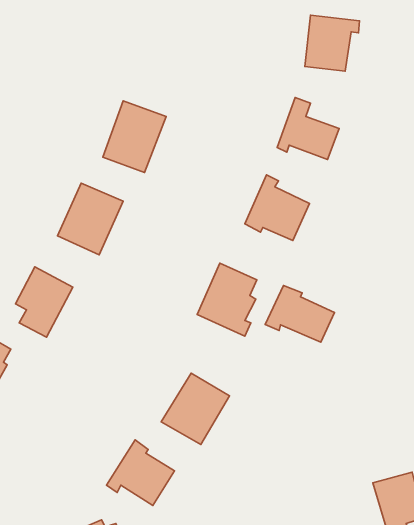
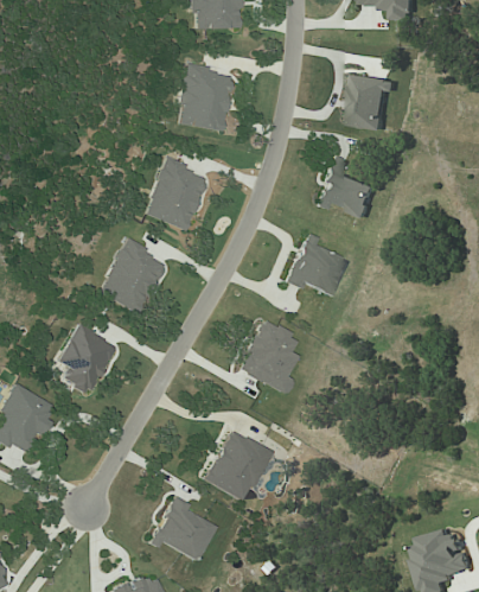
building: none -> [179,65,234,132]
building: [265,286,334,342] -> none

